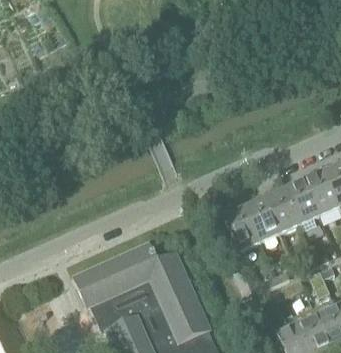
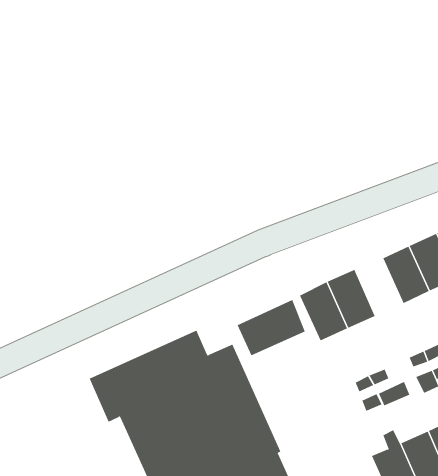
building: [264,190,299,232] -> none
building: none -> [237,299,306,356]

